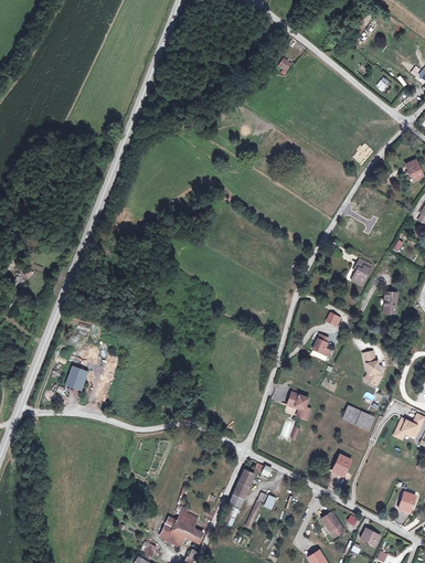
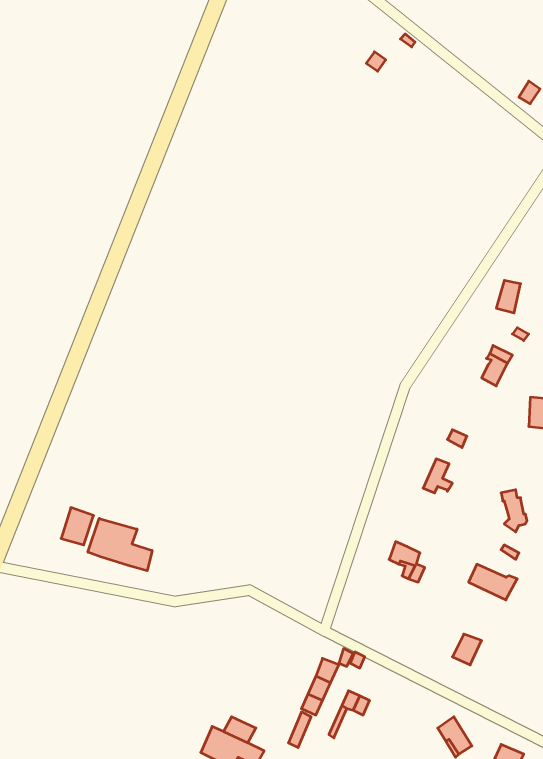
building: none -> [88,518,152,571]

